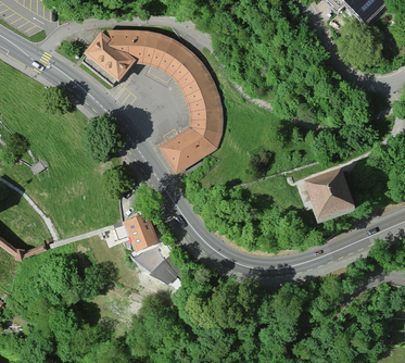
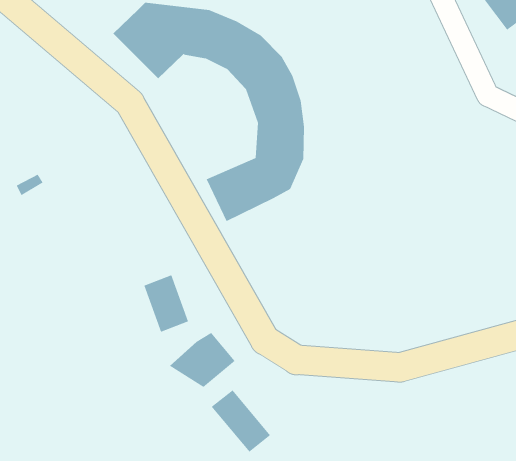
building: [304,170,354,221] -> none
building: none -> [211,390,271,453]

